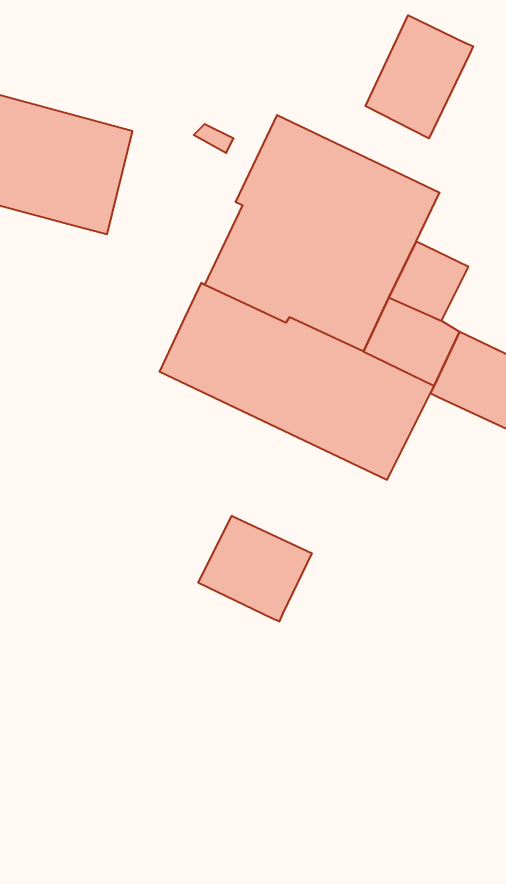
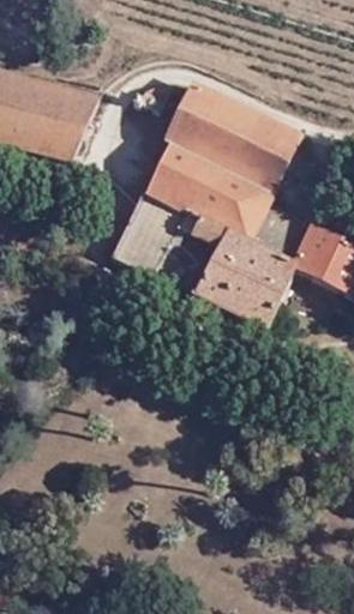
building: [365,15,473,138] -> none
building: [198,516,312,622] -> none

